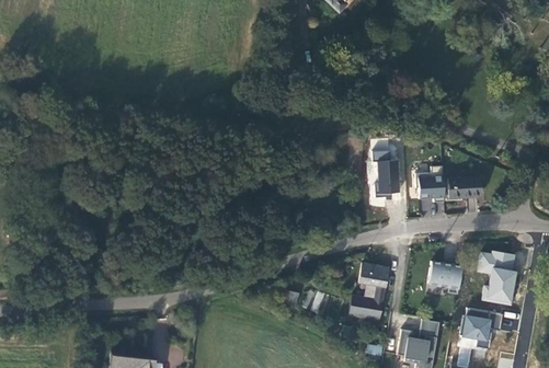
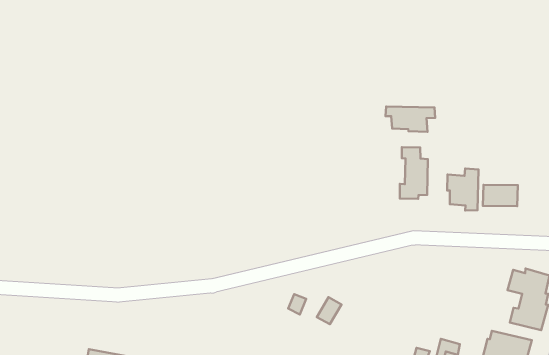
building: none -> [386,107,435,132]
building: [427,261,462,294] -> none
building: [348,263,388,317] -> none

